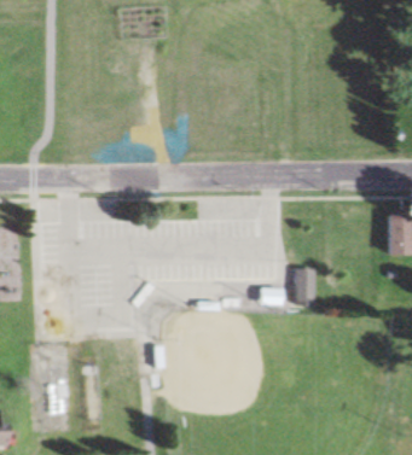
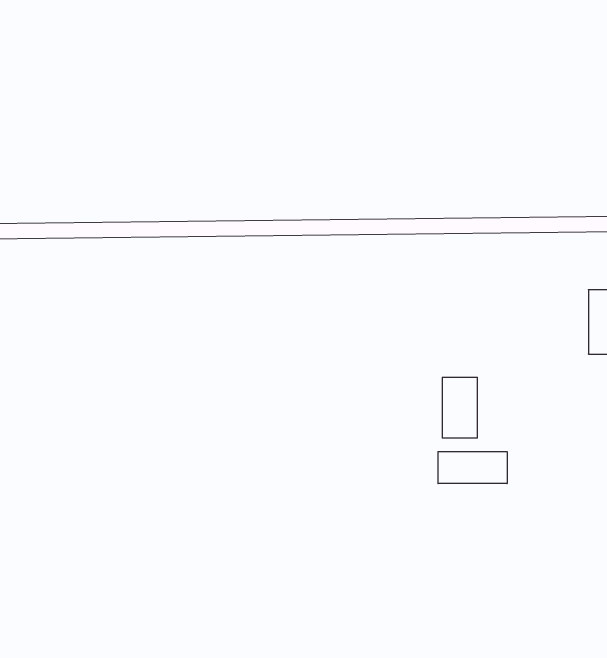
building: none -> [438,452,507,484]

